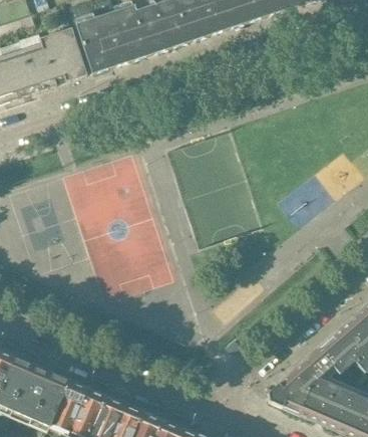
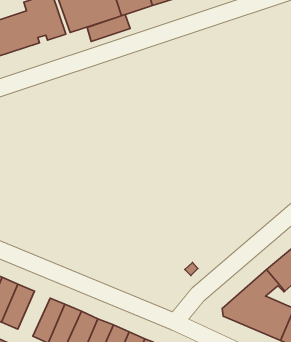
building: none -> [87,15,130,41]
building: [30,372,67,424] -> none

